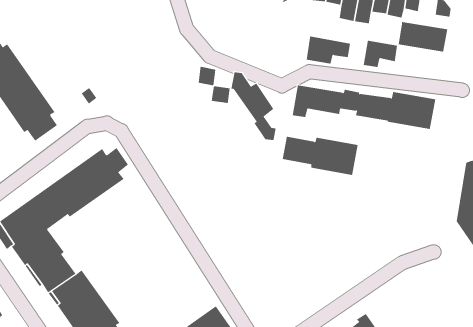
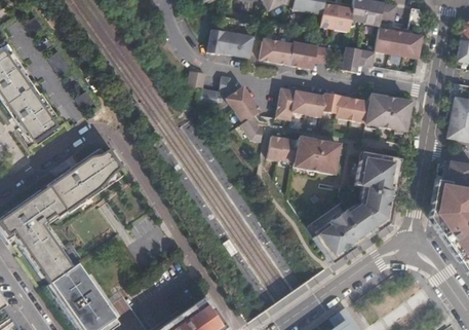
building: none -> [206,29,251,57]
building: none -> [259,38,291,64]
building: none -> [313,151,399,262]

